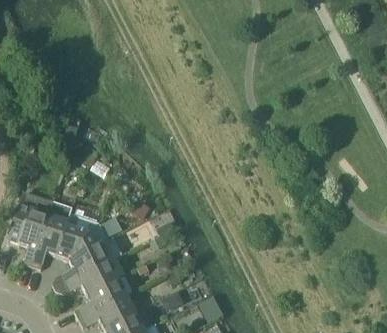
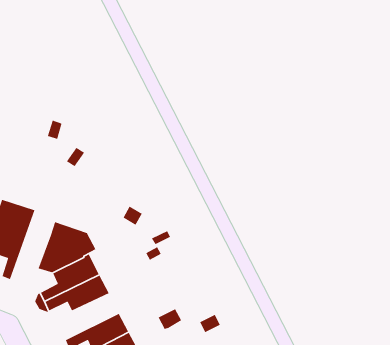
building: [32,205,73,271] -> none
building: [75,279,128,320] -> none

